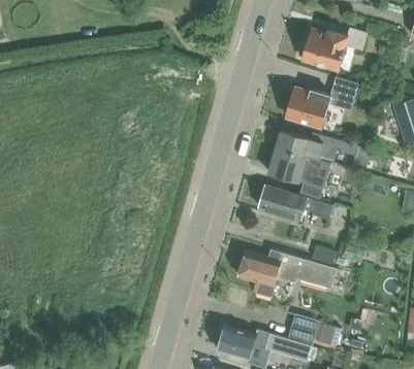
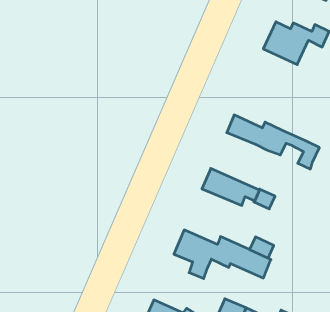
building: [285,76,357,127] -> none
building: [268,147,355,208] -> none

